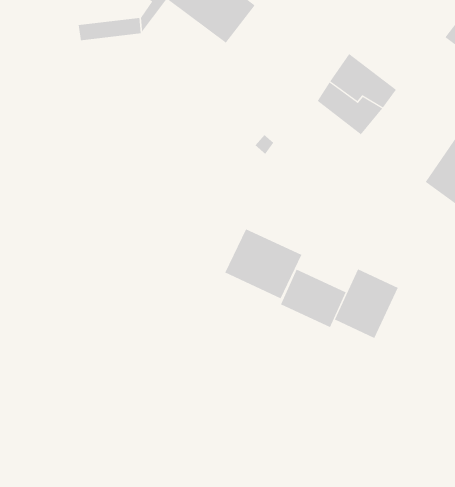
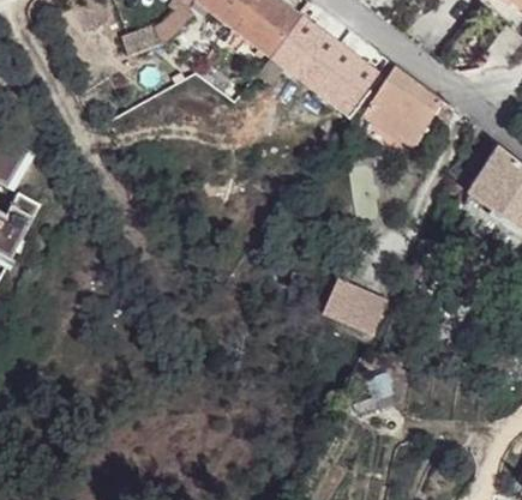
building: none -> [272,18,378,114]
building: [225,228,302,299] -> none
building: [334,268,398,339] -> none

